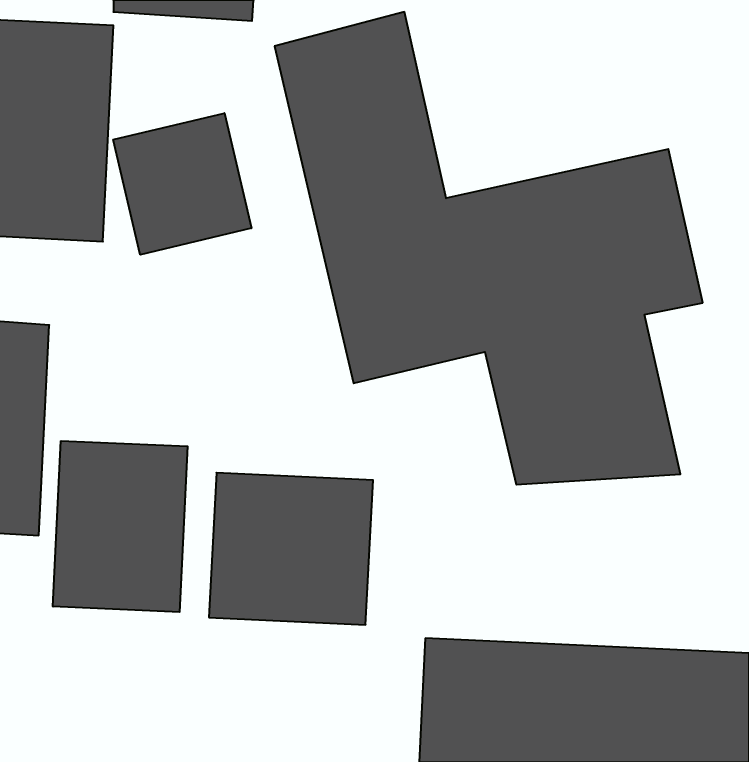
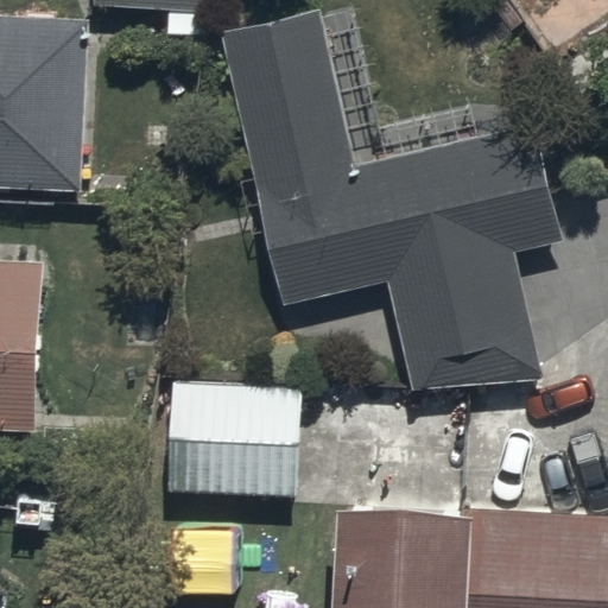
building: [113,113,251,255] -> none
building: [53,441,188,612] -> none

